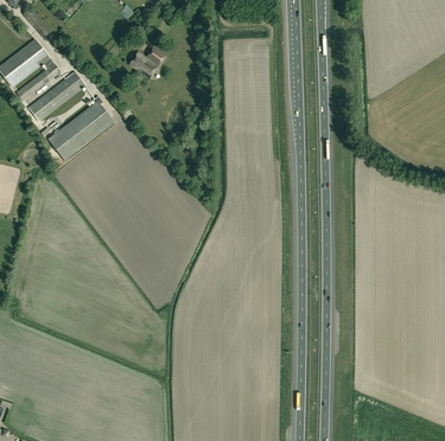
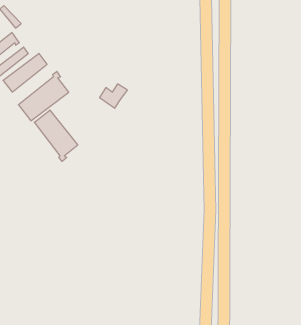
building: [129,46,166,78] -> [100,84,127,108]
building: none -> [34,110,78,161]

